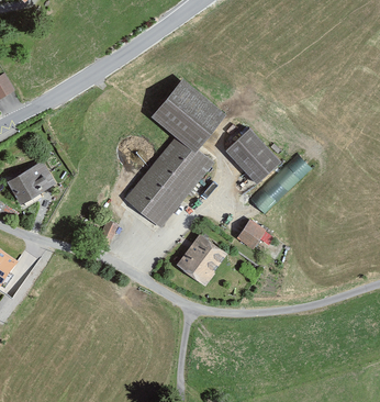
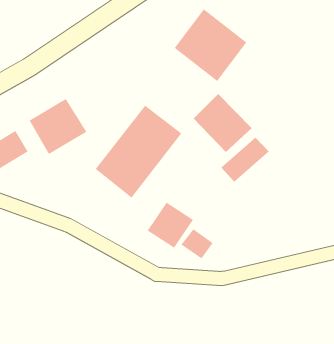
building: [153,74,228,149] -> [174,8,247,82]
building: none -> [29,98,87,155]
building: [234,219,268,250] -> [180,228,213,259]

